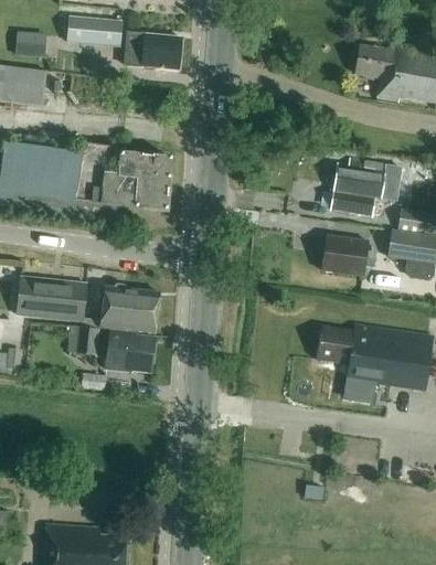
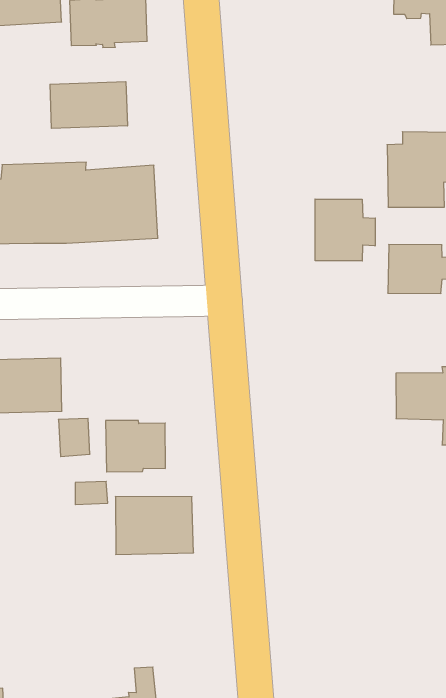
building: none -> [50,82,127,128]
building: none -> [315,199,375,261]
building: [98,286,158,333] -> [115,497,194,554]

